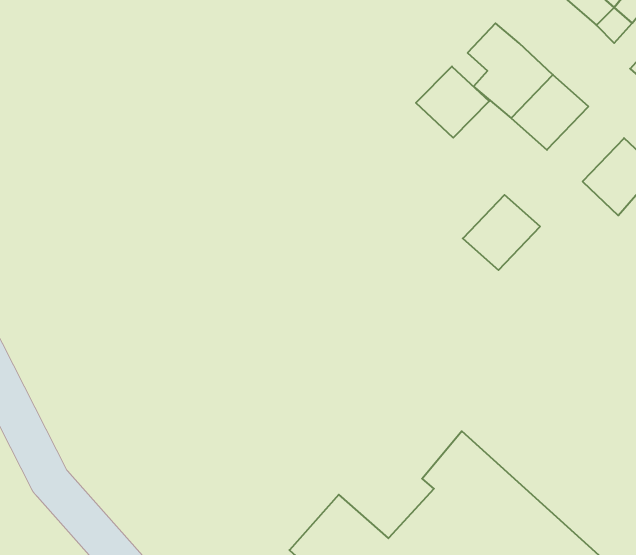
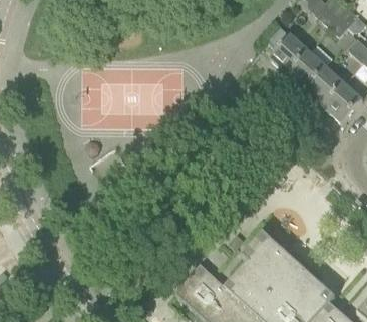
building: [416,66,489,138] -> none
building: [463,195,540,270] -> [304,66,343,104]

